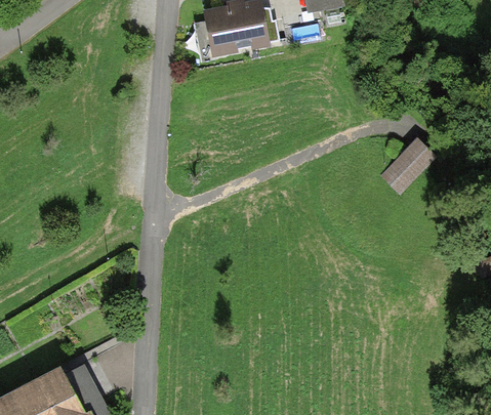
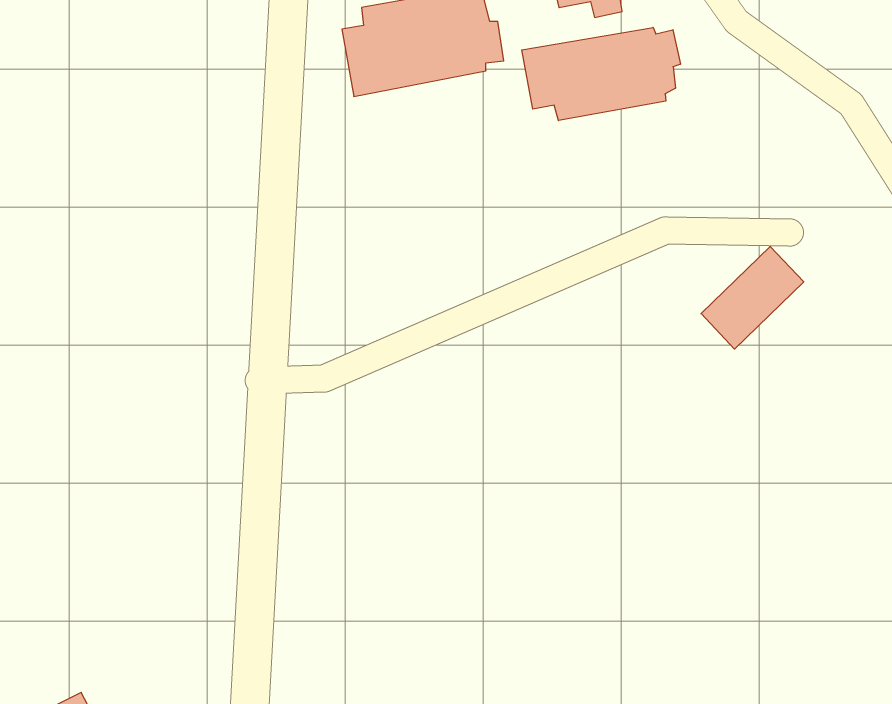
building: none -> [522,27,680,121]

